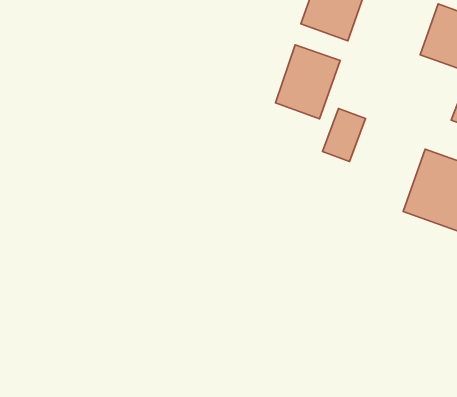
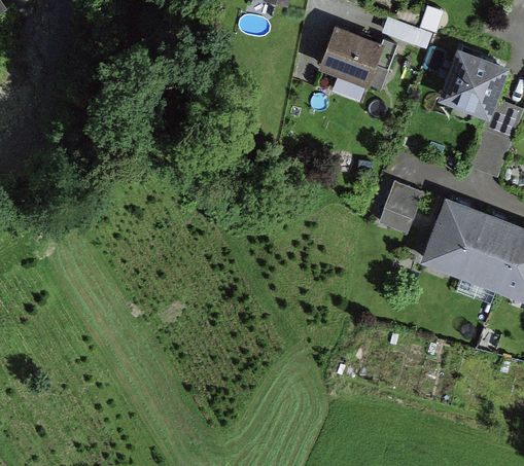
building: [276,45,340,119] -> none
building: [322,108,365,162] -> [379,182,423,237]

